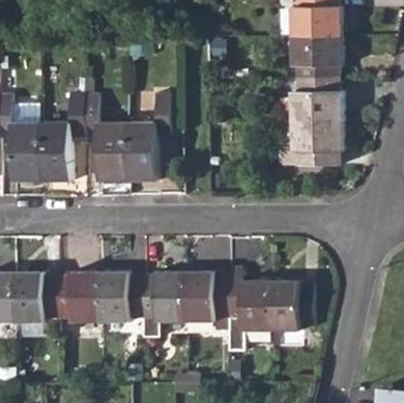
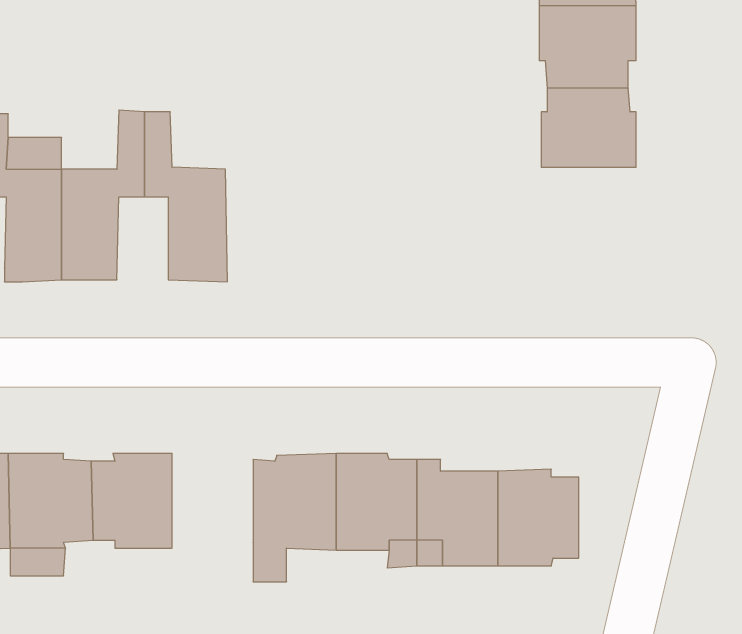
building: [128,92,171,181] -> none
building: [280,121,344,165] -> none
building: [100,270,143,321] -> none

